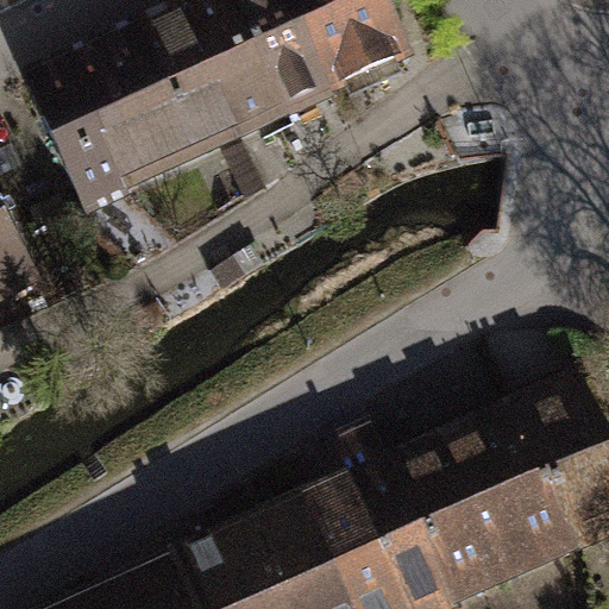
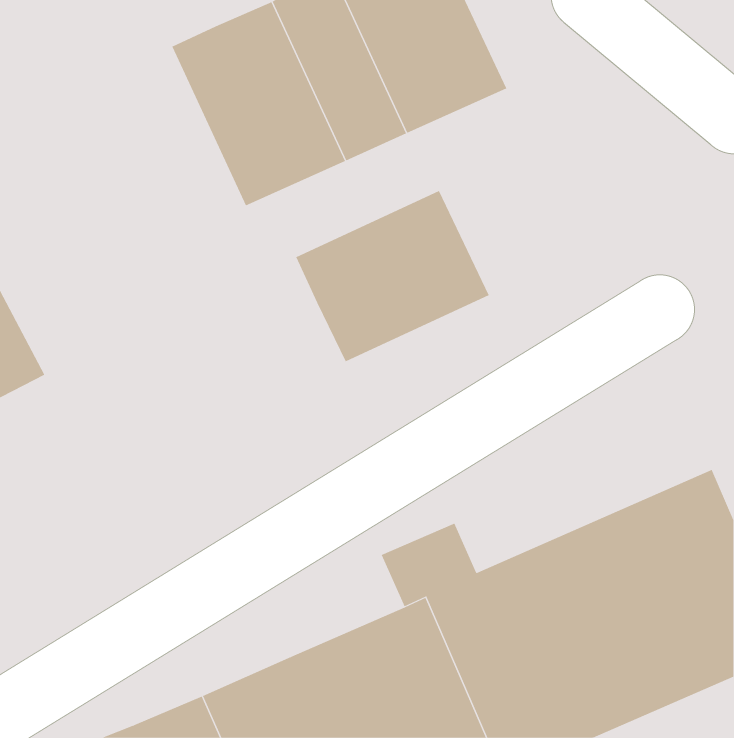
building: [25,38,201,222] -> none
building: none -> [295,190,489,362]

